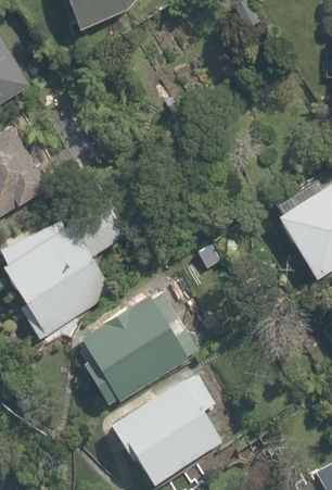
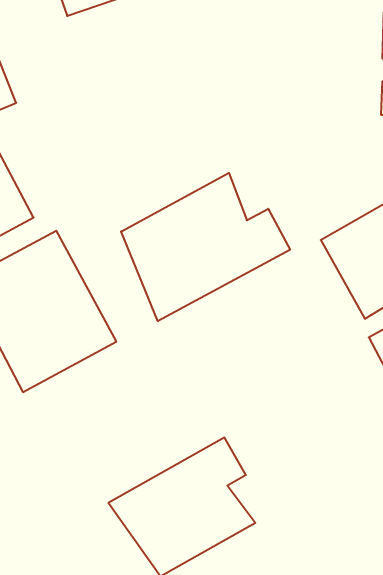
building: none -> [121,173,290,321]
building: [73,289,201,406] -> none

